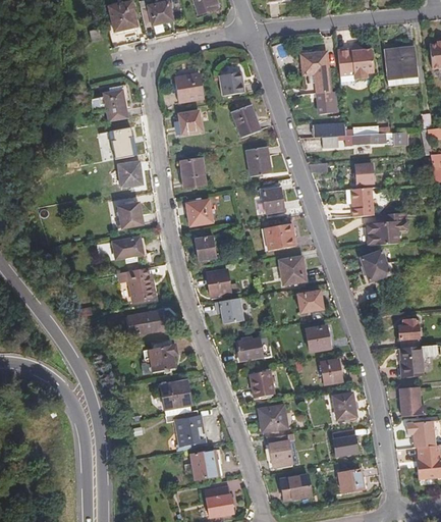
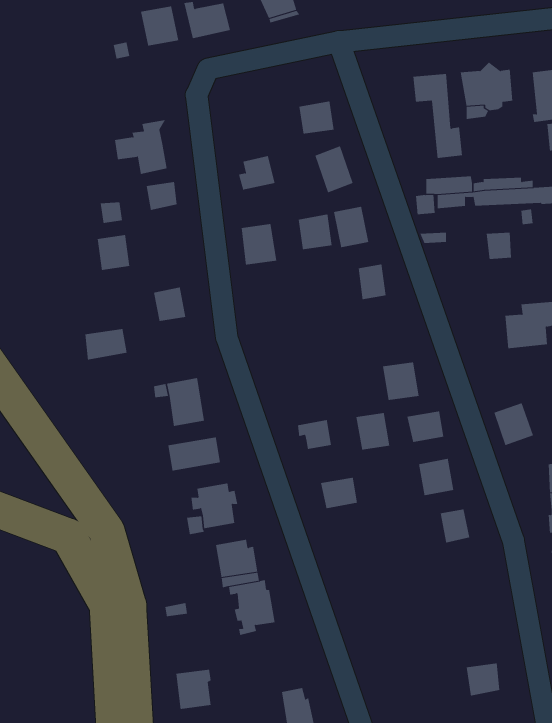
building: [175,72,204,105] -> none
building: [119,162,143,188] -> [97,234,130,270]
building: [349,188,371,217] -> none
building: [187,200,212,225] -> [298,214,333,250]
building: [265,223,296,251] -> none
building: [113,237,144,259] -> [84,328,128,360]
building: [195,237,217,262] -> none
building: [360,250,388,280] -> [493,403,534,446]
building: [208,270,232,297] -> [356,413,390,450]
building: [251,370,275,398] -> none
building: [333,393,356,419] -> none
building: [259,406,287,432] -> none
building: [333,430,359,456] -> none
building: [267,435,297,468] -> none
building: [190,451,216,479] -> [175,669,211,709]
building: [281,474,312,500] -> none

